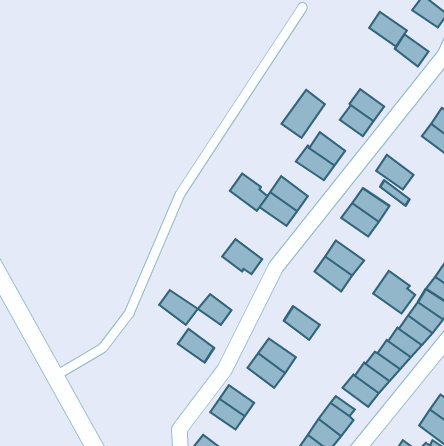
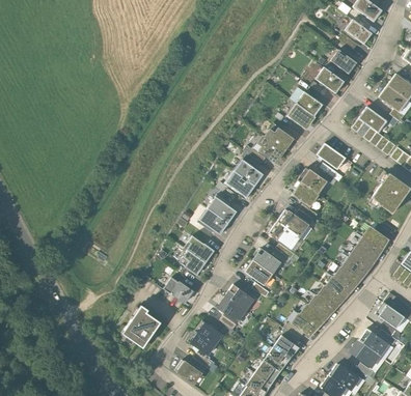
building: [369,12,407,47] -> [316,66,345,93]
building: [281,90,325,138] -> none
building: [230,173,268,211] -> [208,194,237,223]
building: [373,271,415,314] -> none
building: [159,290,198,325] -> [184,235,214,262]
building: none -> [252,247,284,275]
building: none -> [121,305,160,347]

